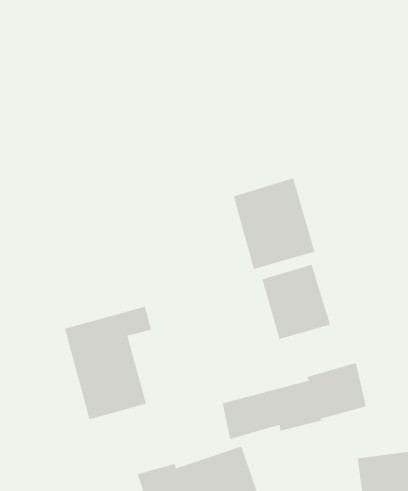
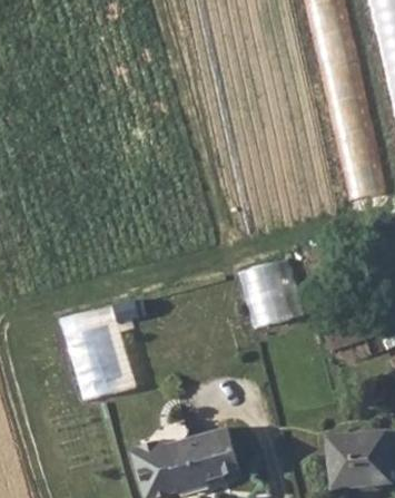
building: [233,177,315,270] -> none
building: [222,362,367,440] -> none

